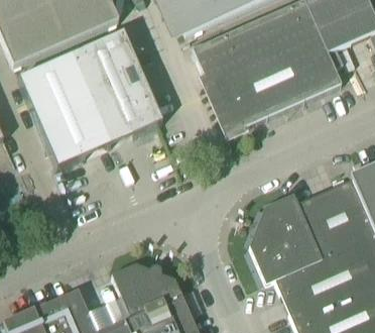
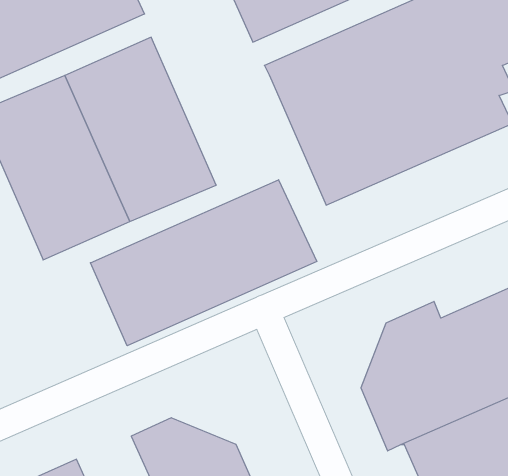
building: none -> [90,180,317,346]

